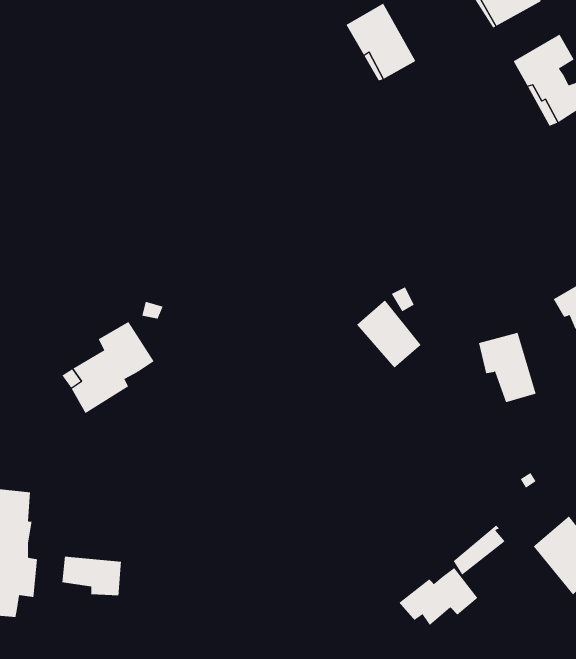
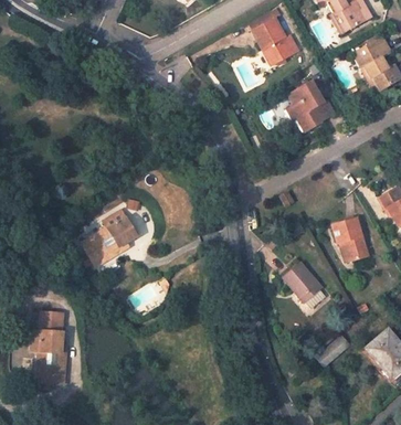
building: none -> [287,81,335,130]
building: [356,299,422,369] -> [282,261,321,302]
building: [62,556,122,596] -> none
building: [399,567,478,626] -> none

